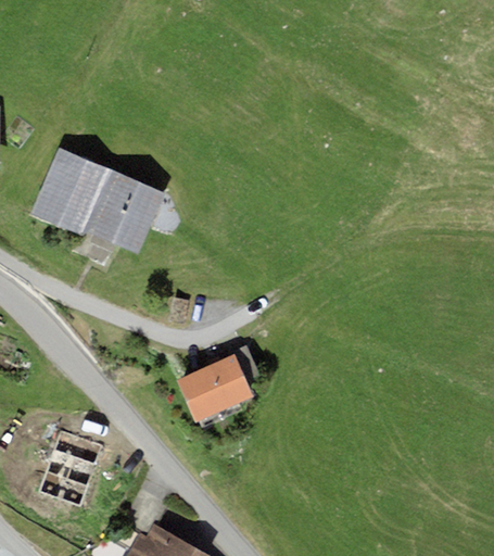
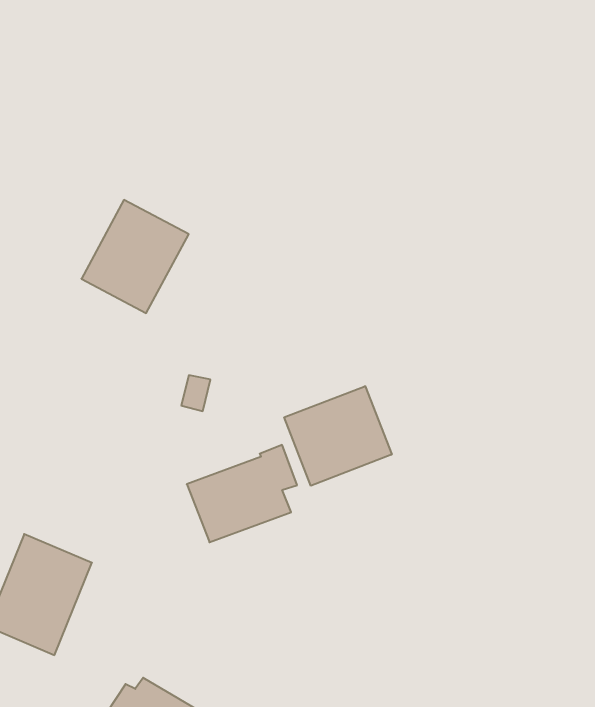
building: [31,148,107,233] -> none
building: none -> [284,386,392,486]

